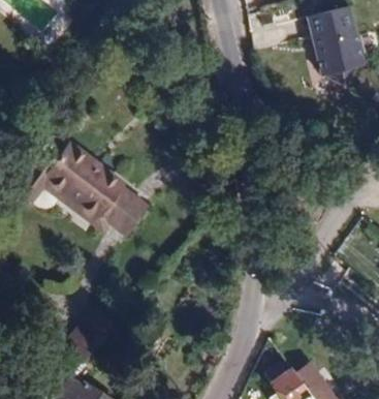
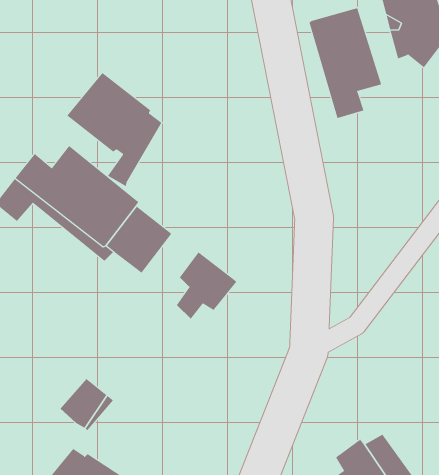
building: none -> [309,7,382,119]
building: none -> [67,72,162,187]
building: none -> [176,252,237,320]

